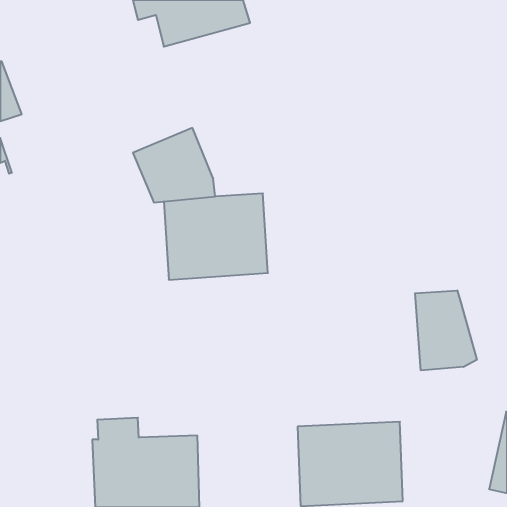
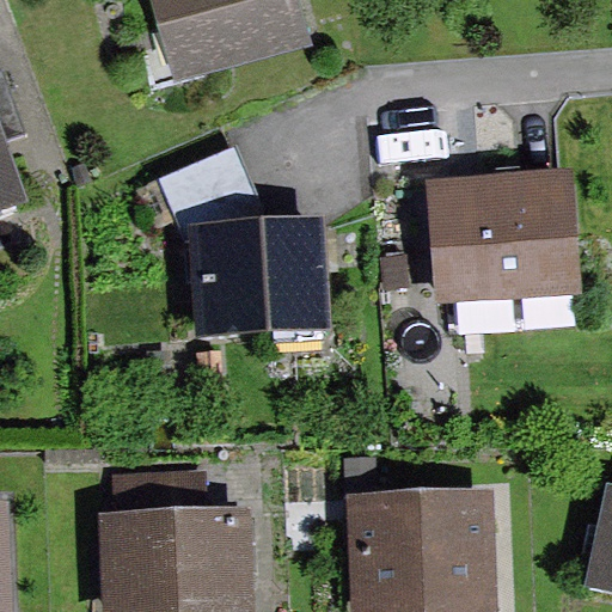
building: none -> [435,175,571,300]
building: [415,290,477,370] -> none

